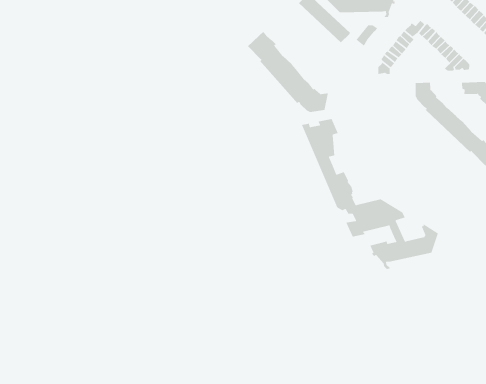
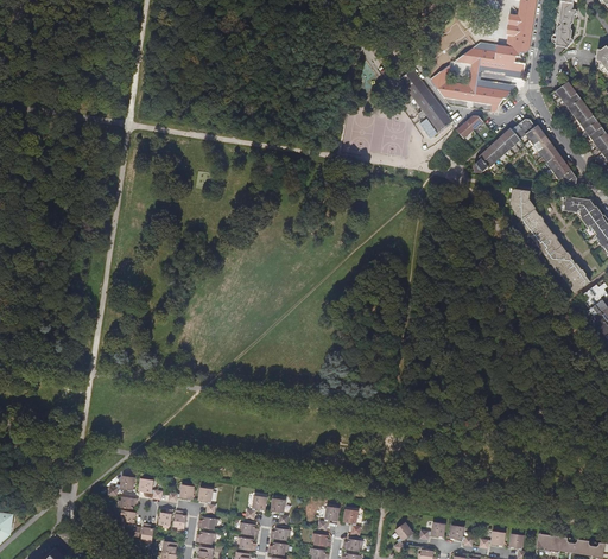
building: [247,31,329,113] -> none
building: [301,118,439,270] -> none

